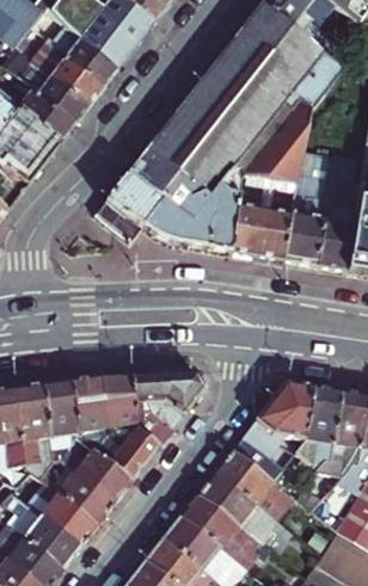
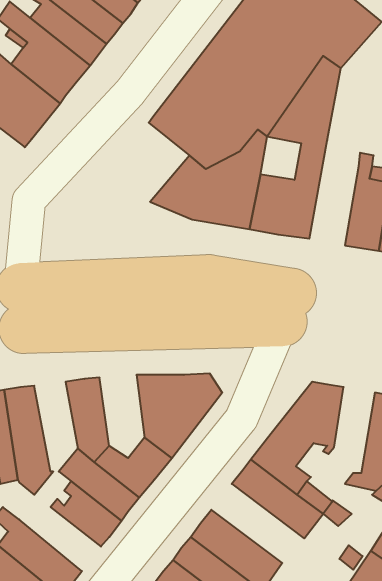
building: [102,155,178,235] -> none
building: [283,171,326,263] -> none
building: [99,376,139,449] -> none
building: [42,382,80,461] -> none
building: [296,387,341,473] -> none
building: [197,471,280,543] -> none
building: [29,483,100,548] -> none

